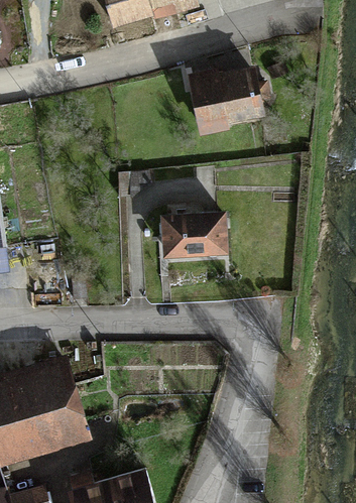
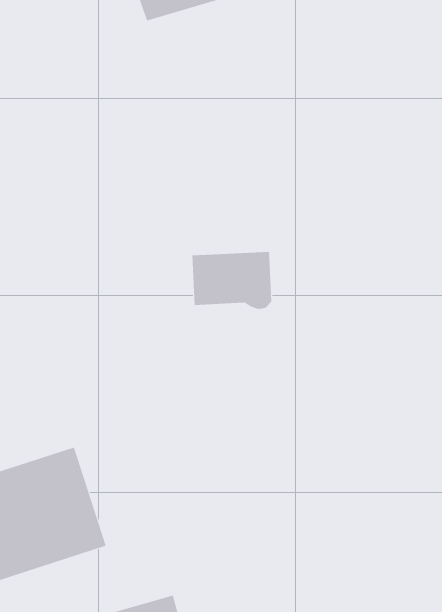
building: [195,72,254,129] -> none

